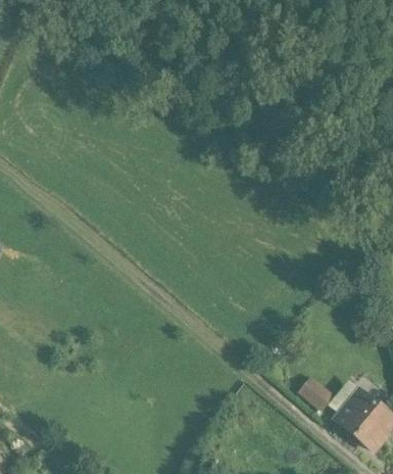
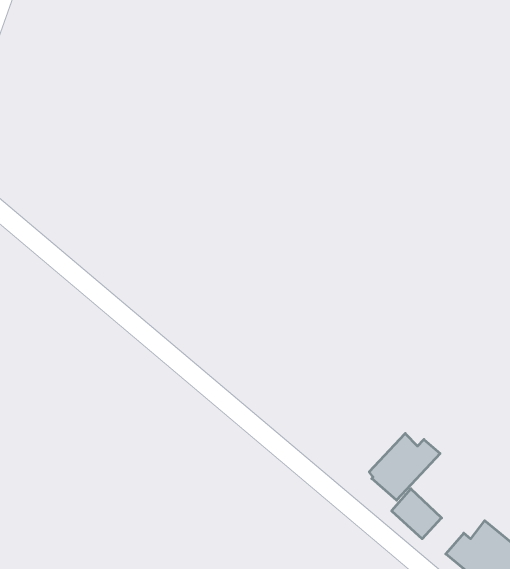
building: none -> [369,433,440,500]

